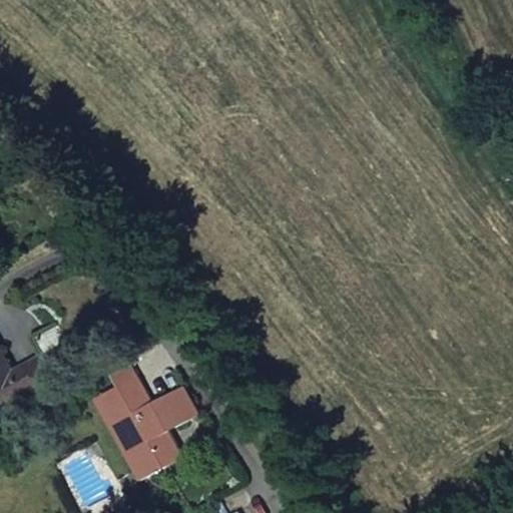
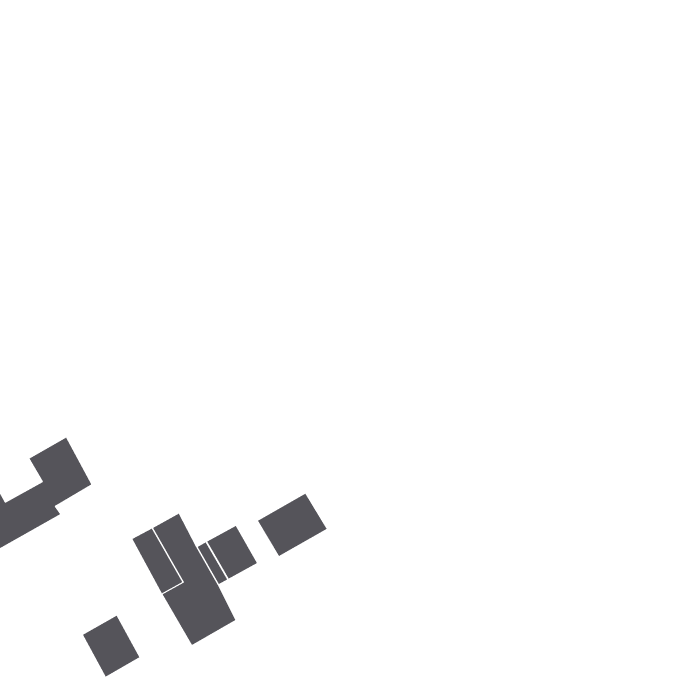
building: none -> [257,493,327,557]
building: none -> [82,615,140,677]

